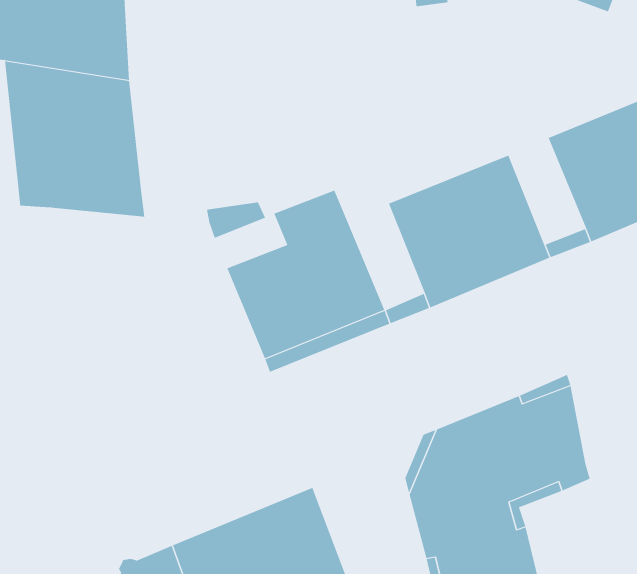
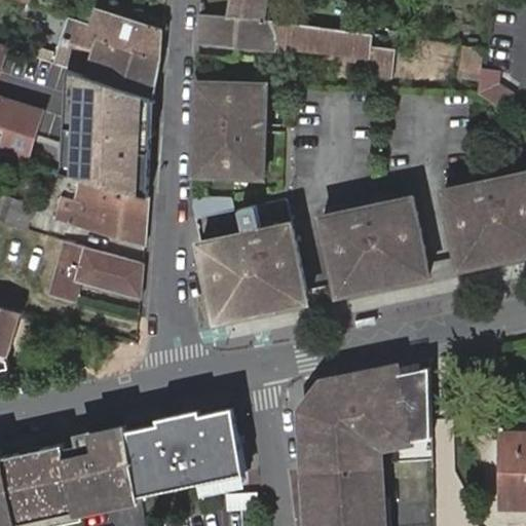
building: none -> [192,84,264,180]
building: none -> [52,183,148,247]
building: none -> [44,242,142,302]

